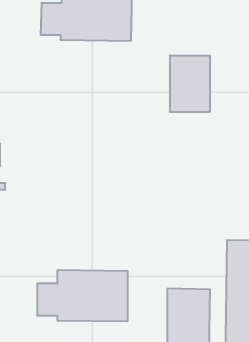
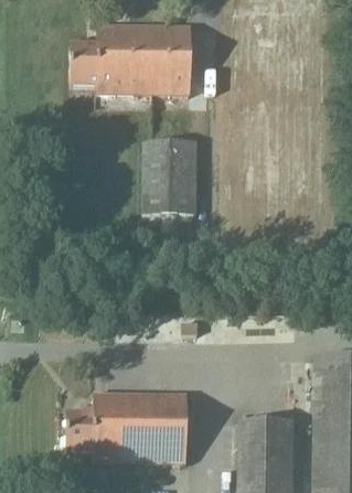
building: [170,56,210,112] -> [145,139,198,213]

